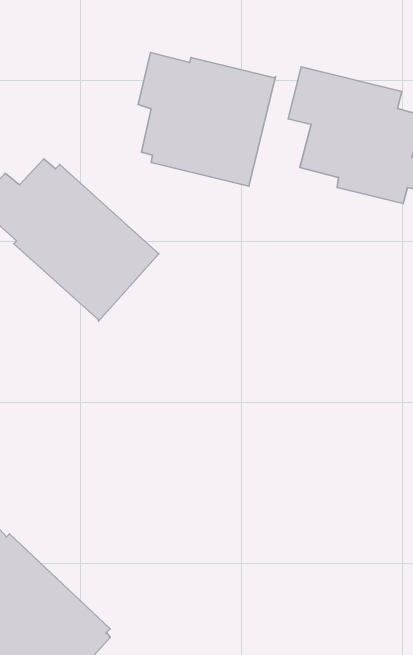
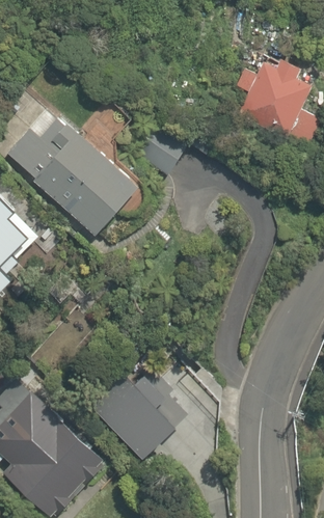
building: [138,53,276,186] -> none
building: none -> [102,369,196,462]

